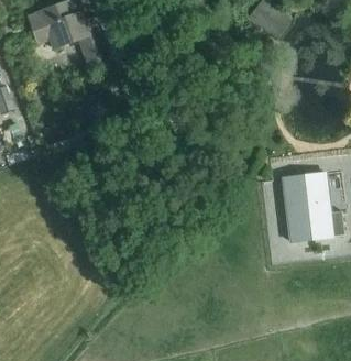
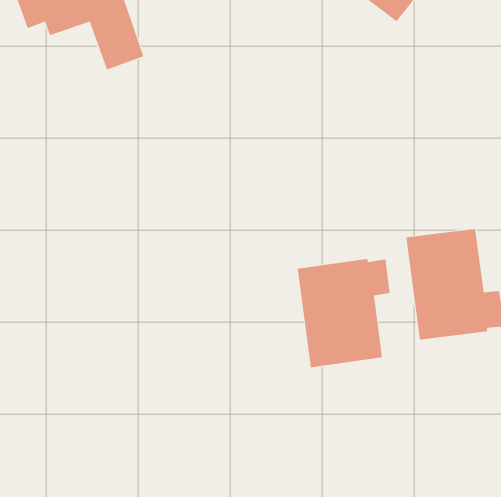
building: none -> [297,258,390,368]

